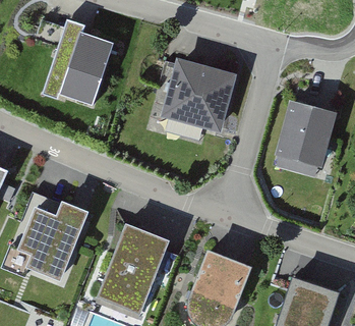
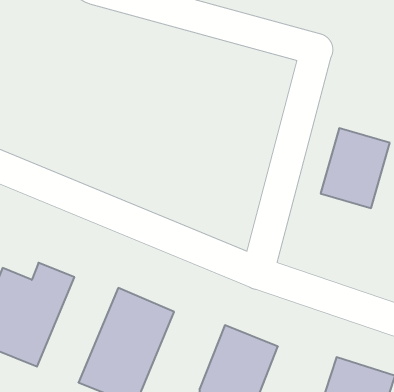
building: [56,26,114,106] -> none
building: [166,64,232,129] -> none

